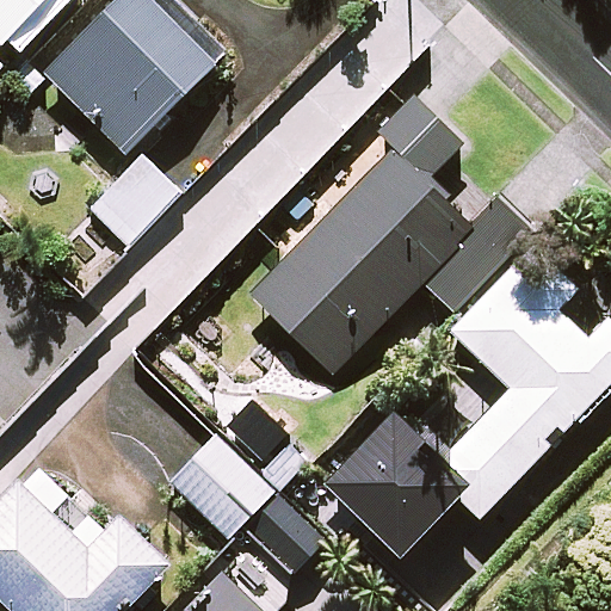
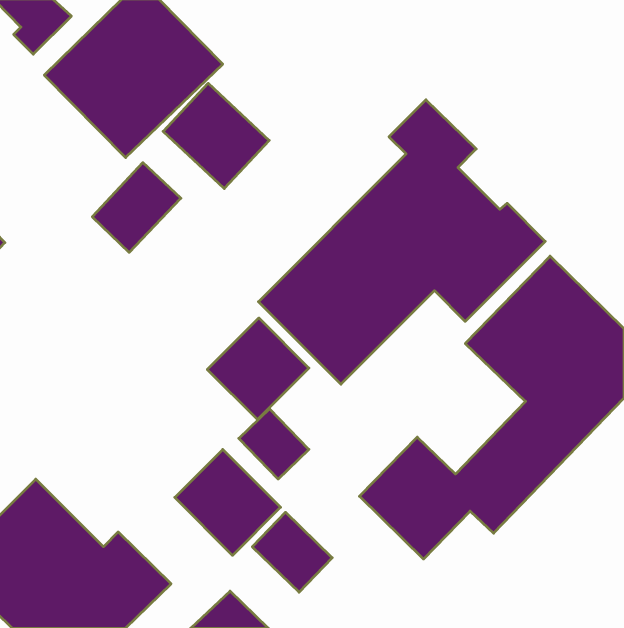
building: none -> [163,83,269,189]
building: none -> [207,318,309,420]

